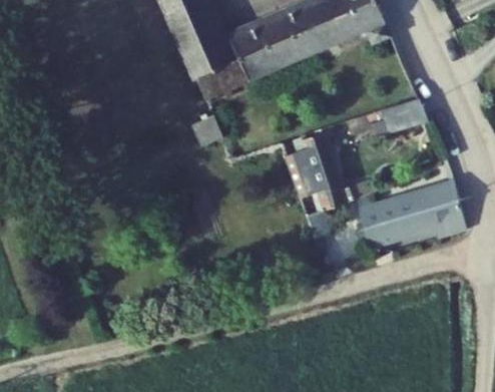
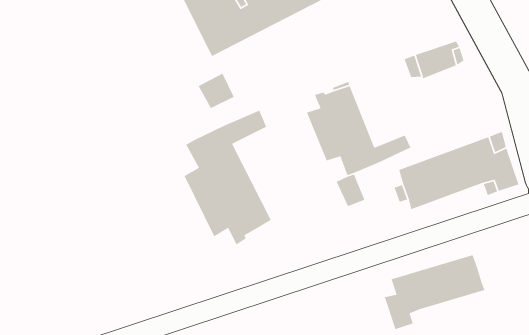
building: none -> [184,109,272,245]
building: none -> [384,254,486,330]

